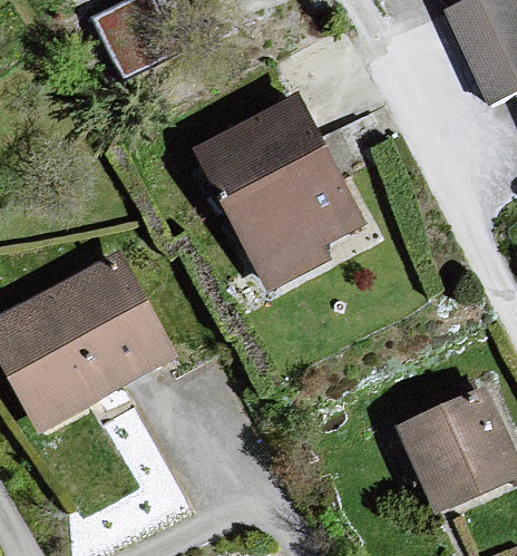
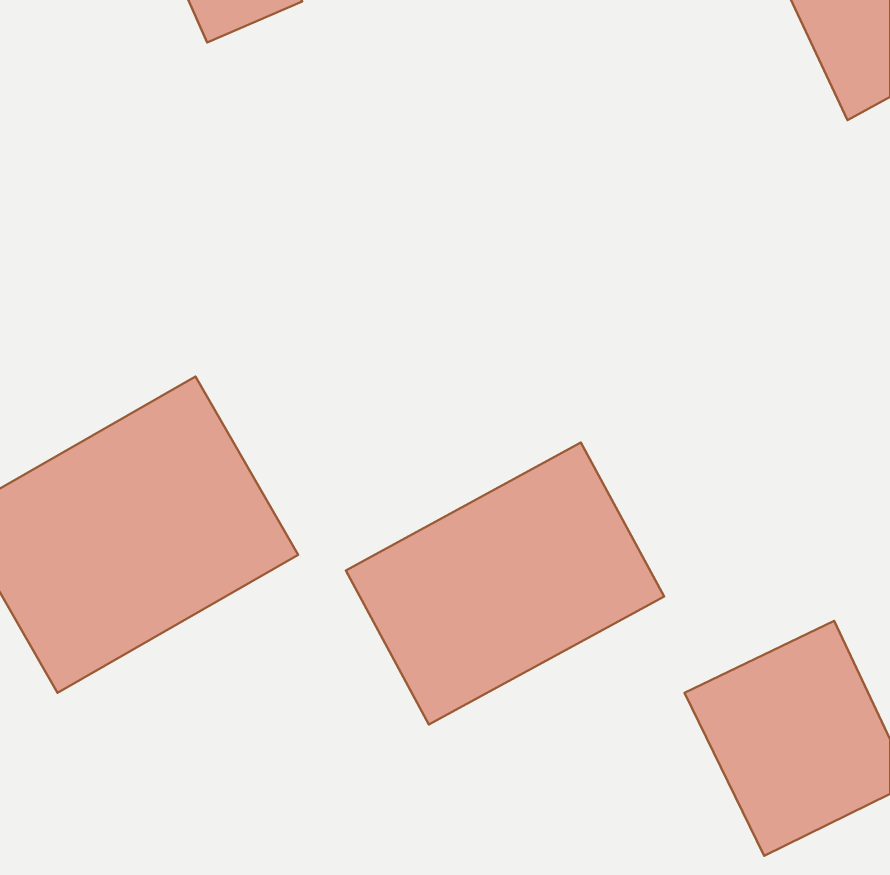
building: [196,91,378,287] -> none
building: none -> [346,443,664,724]

